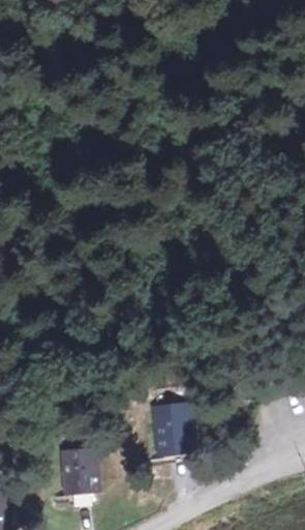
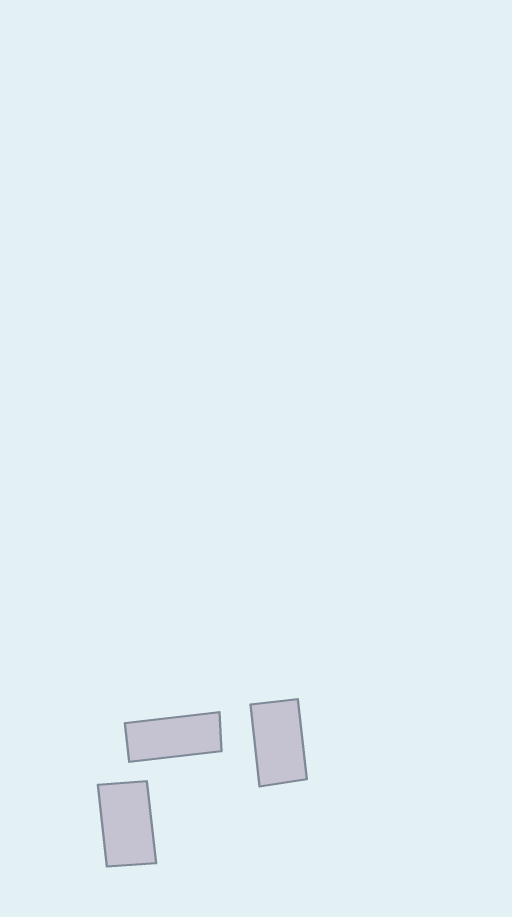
building: none -> [125,712,222,762]

